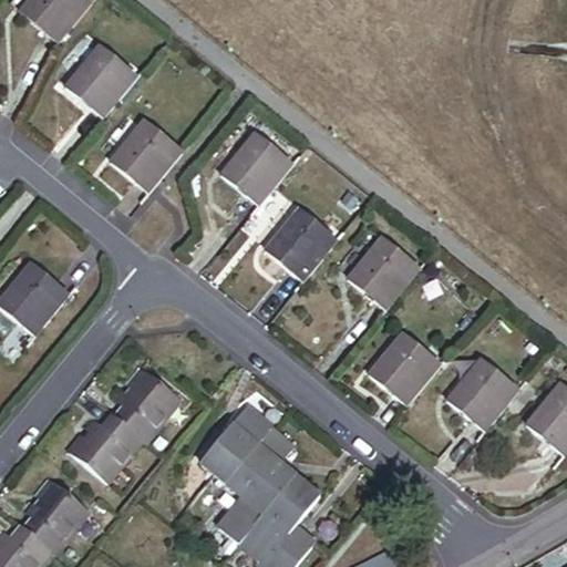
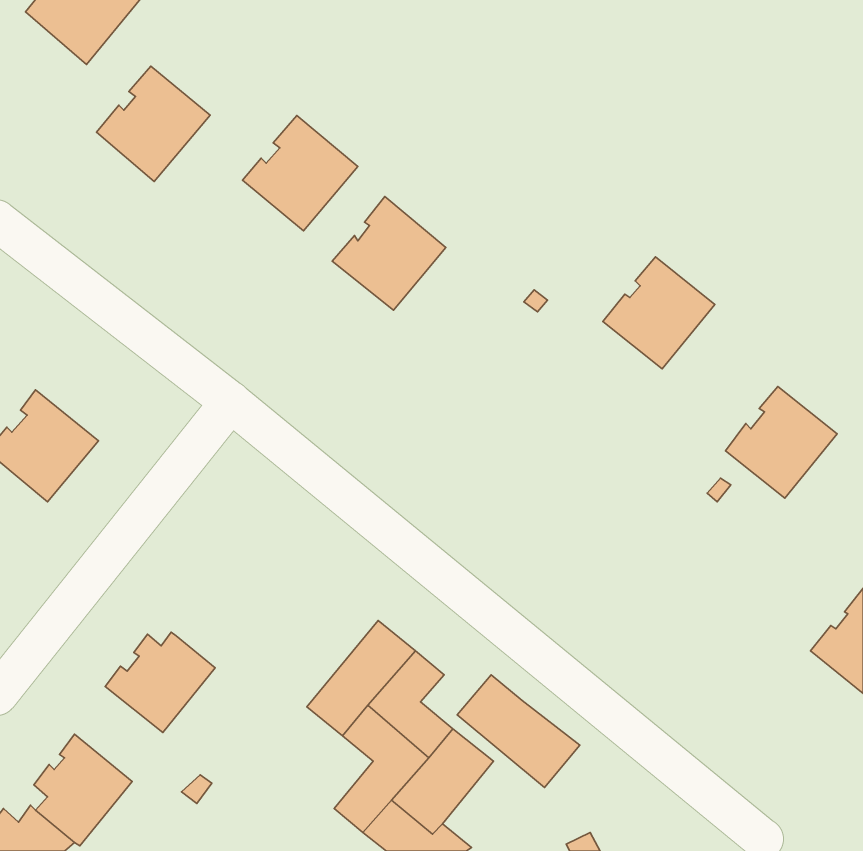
building: [106,118,182,194] -> [243,116,358,231]
building: [266,206,338,279] -> none
building: [349,236,422,309] -> [603,257,715,369]
building: [370,331,444,405] -> none
building: [453,359,526,432] -> [725,386,837,498]
building: [114,365,179,440] -> none
building: none -> [457,675,580,788]

